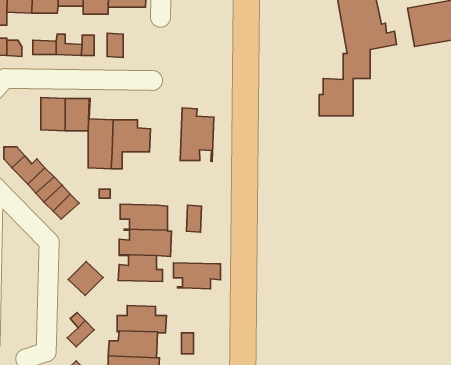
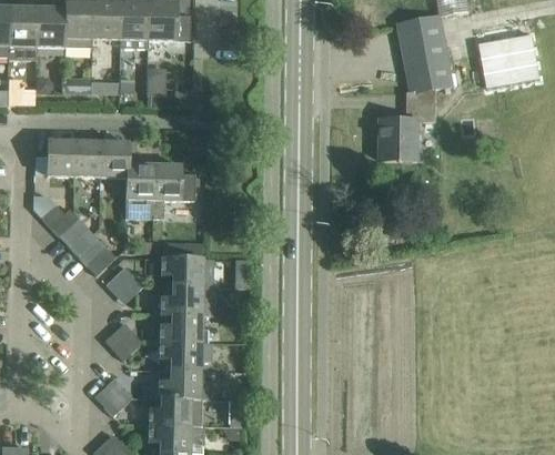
building: none -> [46,139,73,175]
building: [180,108,214,161] -> none
building: none -> [104,265,142,304]
building: [173,263,221,289] -> [159,342,211,371]

